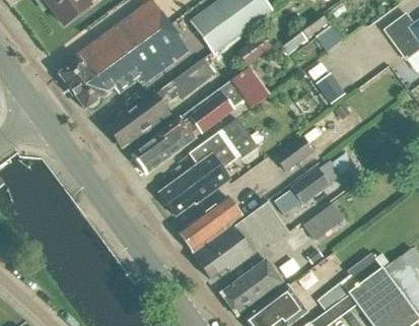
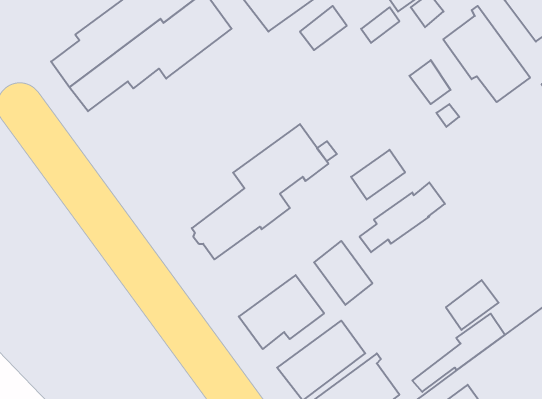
building: none -> [443,6,530,102]
building: [110,57,216,145] -> none
building: [133,66,270,173] -> none
building: [179,196,240,250] -> none
building: [302,205,340,241] -> [446,280,499,330]

